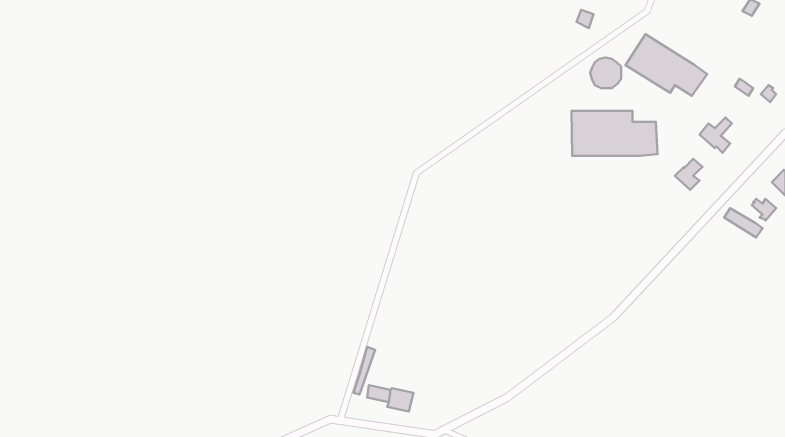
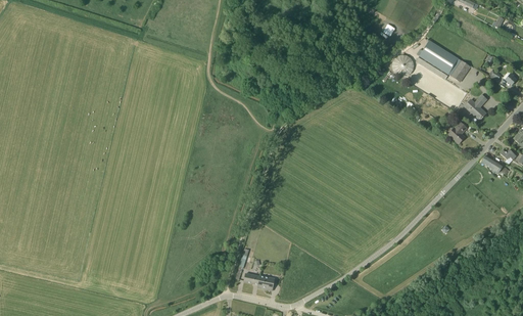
building: [571,111,658,156] -> none

